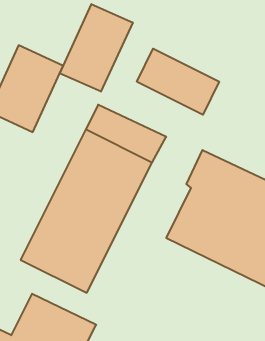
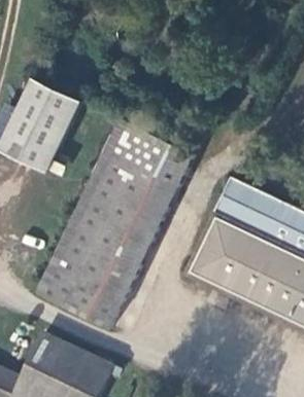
building: [60,4,133,92] -> none
building: [137,49,219,115] -> none

